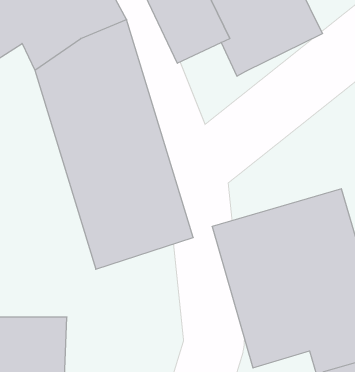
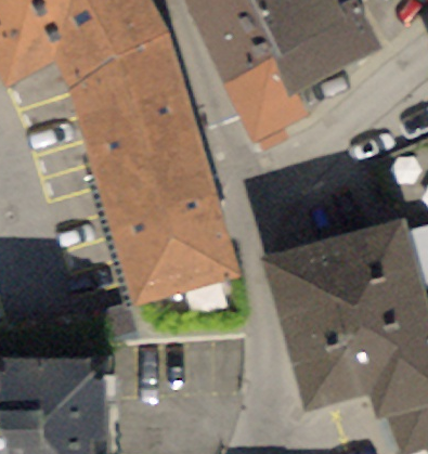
building: none -> [224,60,312,145]

